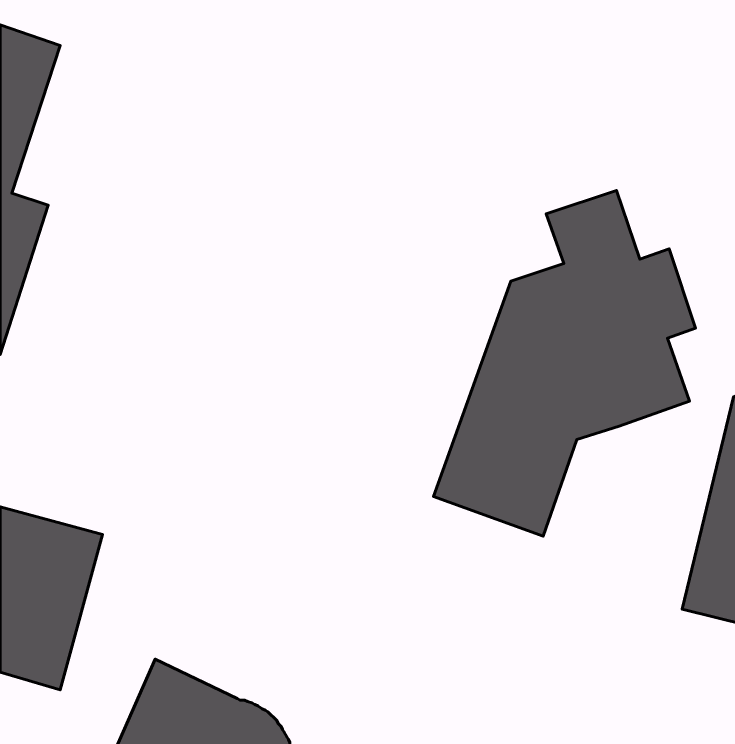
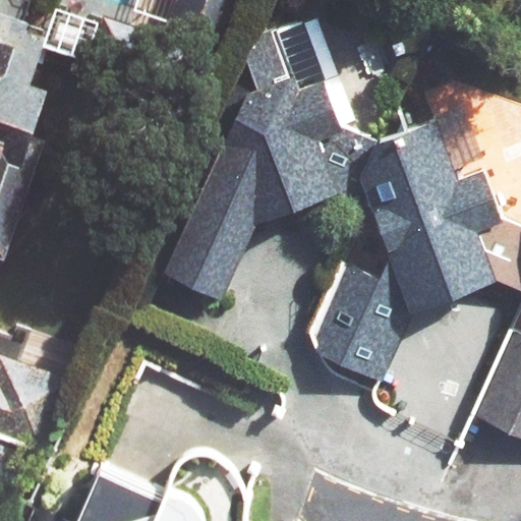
building: none -> [167,34,338,296]

